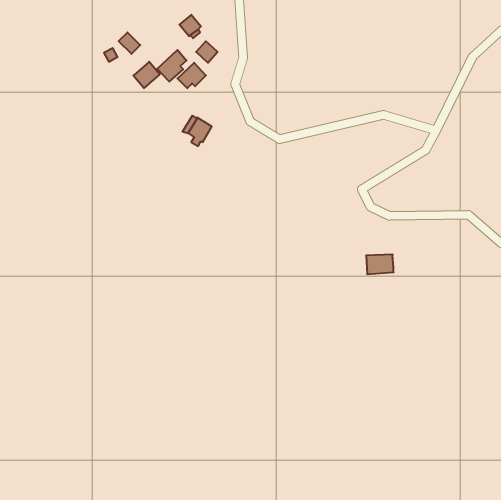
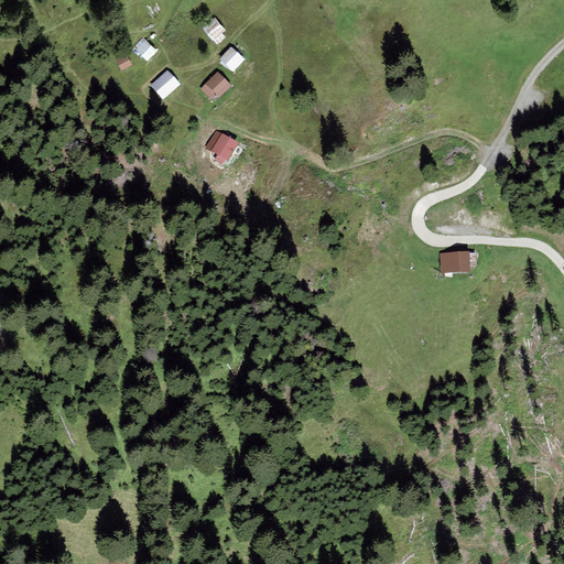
building: [157,50,187,82] -> none
building: [366,255,394,274] -> [440,251,470,273]

